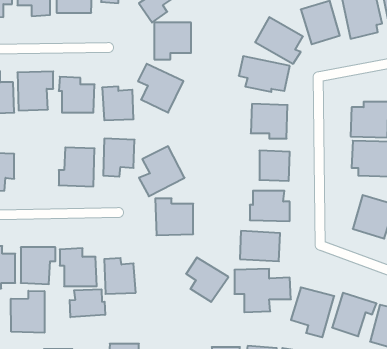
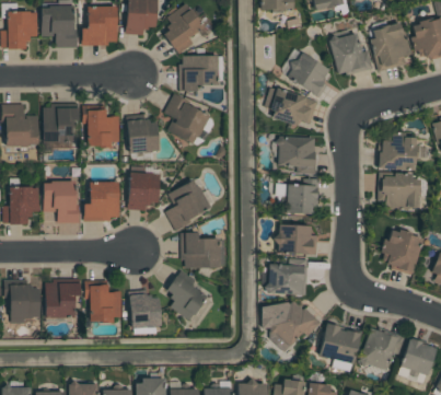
building: none -> [44,181,79,223]
building: [186,257,228,302] -> [165,276,208,321]
building: [70,289,105,317] -> none
building: [11,291,44,333] -> none

